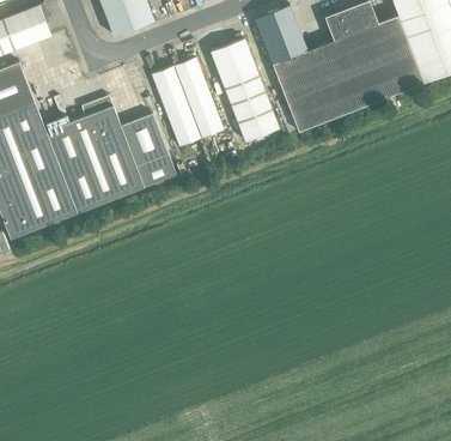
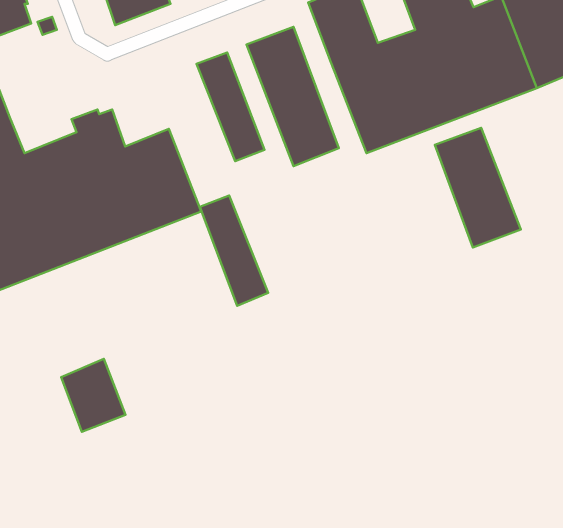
building: [152,65,202,146] -> [200,196,268,306]
building: none -> [435,128,521,248]
building: none -> [61,359,125,432]

